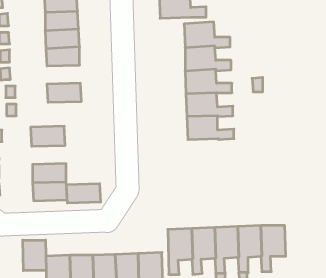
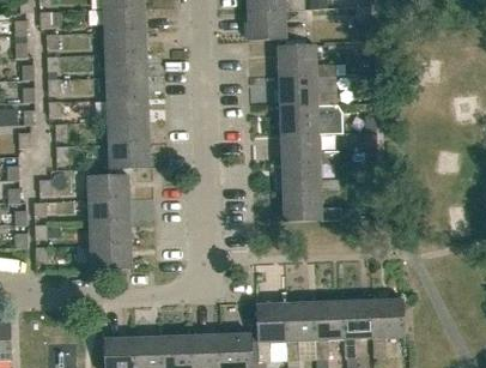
building: none -> [107,97,148,121]
building: none -> [108,143,150,168]
building: none -> [283,189,341,221]
building: [66,184,101,203] -> [87,198,130,222]
building: [23,240,46,271] -> none

